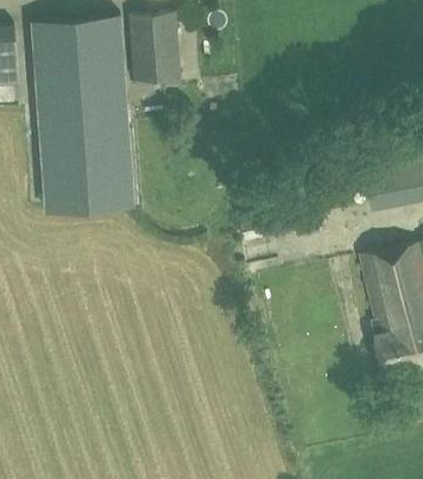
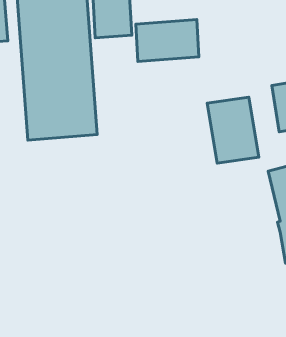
building: none -> [136,20,199,61]
building: none -> [207,97,259,163]

